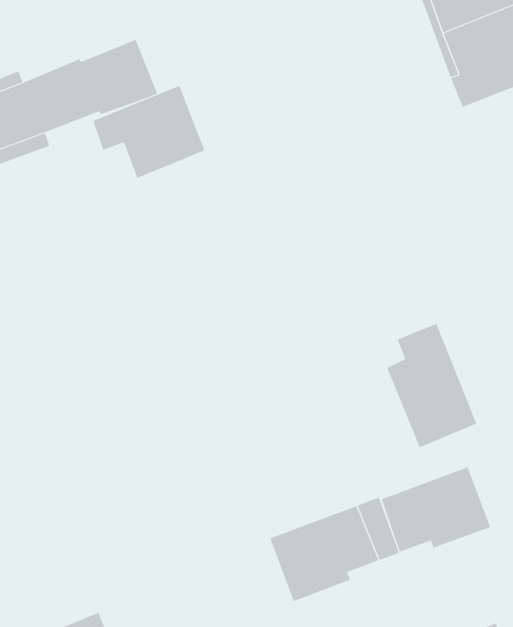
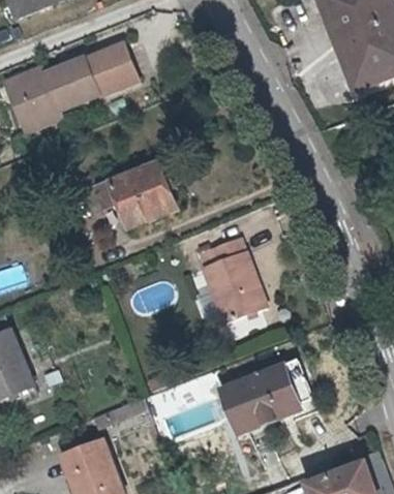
building: [92,85,205,178] -> [97,162,176,227]
building: [387,323,477,448] -> [202,239,265,326]
building: [381,467,491,552] -> none

